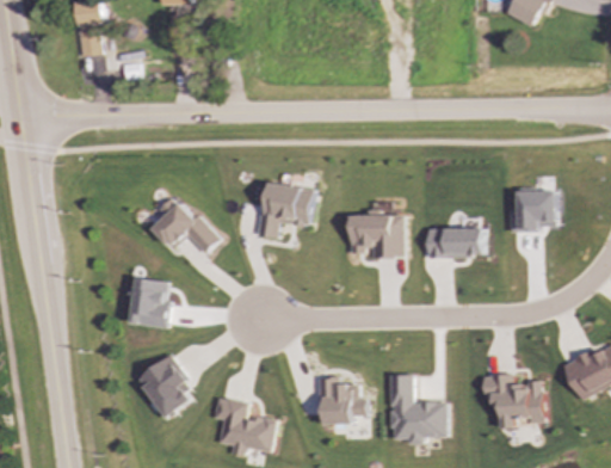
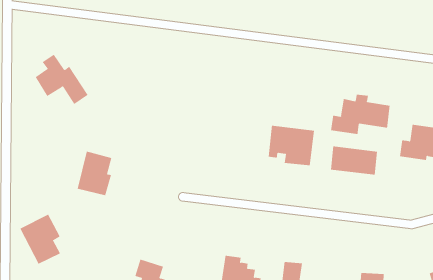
building: none -> [331,94,390,135]
building: [260,183,314,238] -> none
building: [153,196,220,253] -> [35,54,88,105]
building: [137,355,191,417] -> [19,214,61,264]

